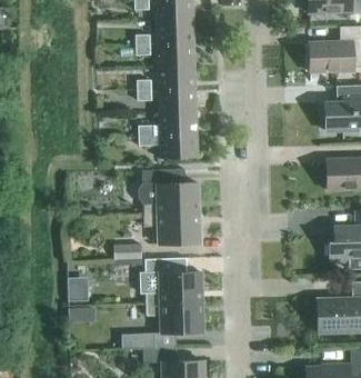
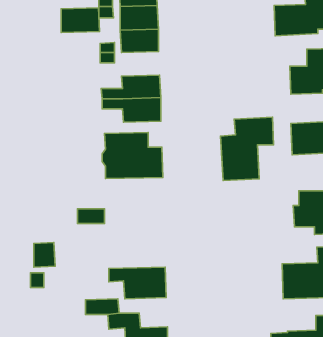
building: [158,88,195,112] -> [61,8,100,33]
building: none -> [221,117,274,181]
building: [142,212,199,243] -> none
building: [139,258,201,302] -> none

